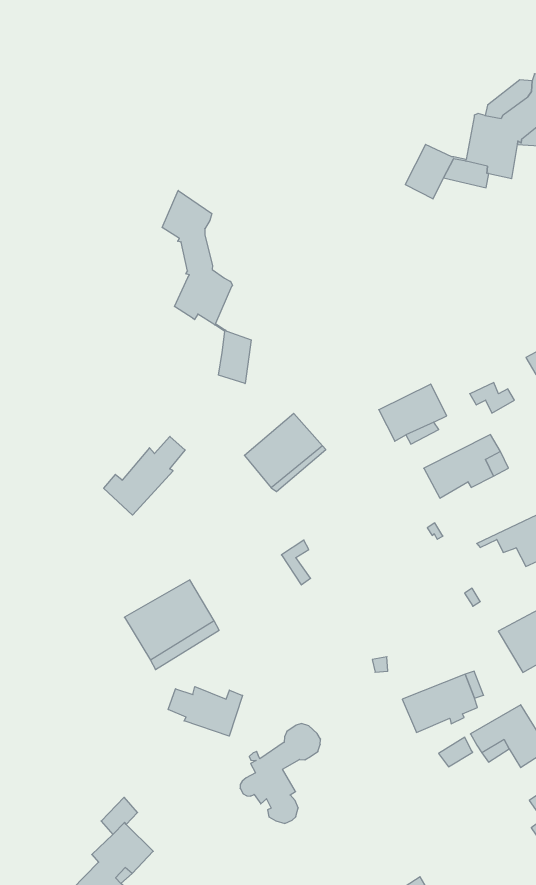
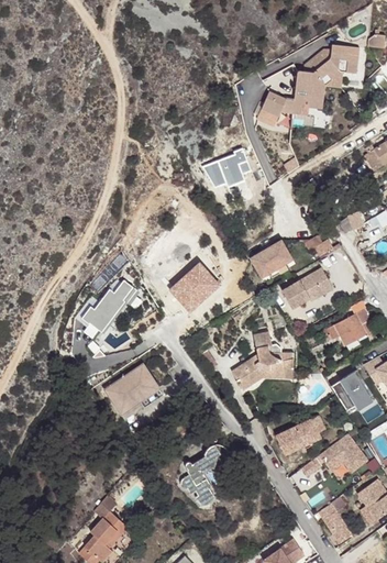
building: [162,190,251,384] -> none
building: none -> [203,147,251,188]
building: none -> [229,331,291,389]
building: [168,687,243,736] -> none
building: none -> [317,493,351,537]

